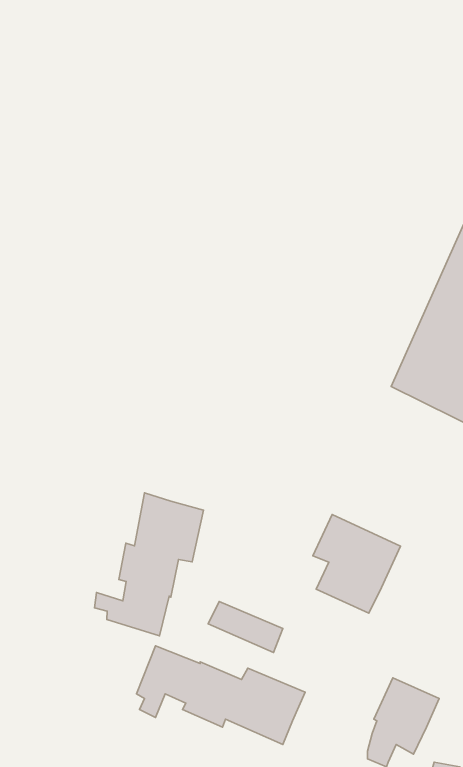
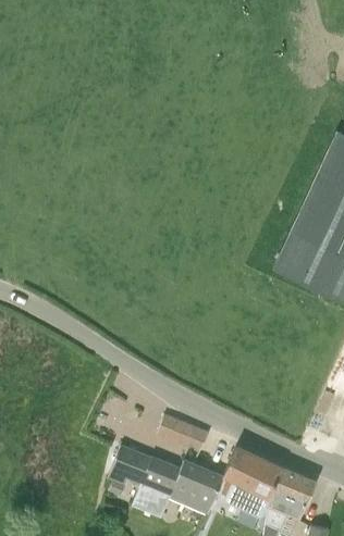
building: [95,493,203,636] -> none
building: [313,514,401,613] -> [222,447,282,514]

